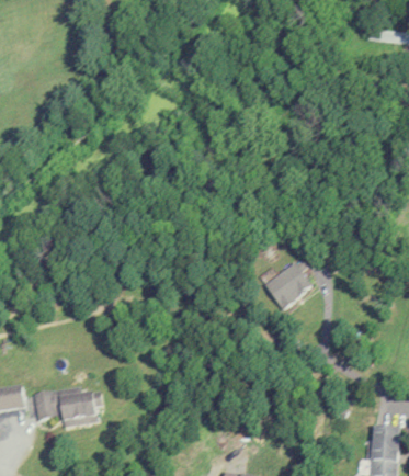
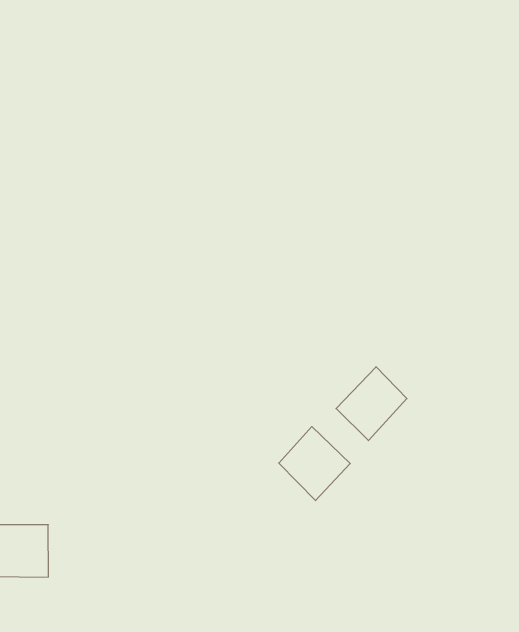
building: none -> [279,427,350,501]

